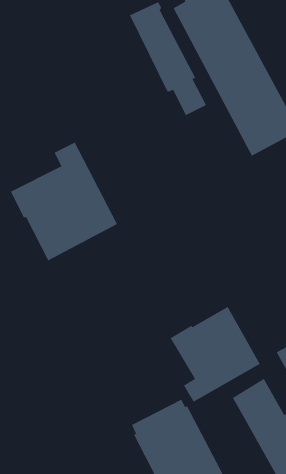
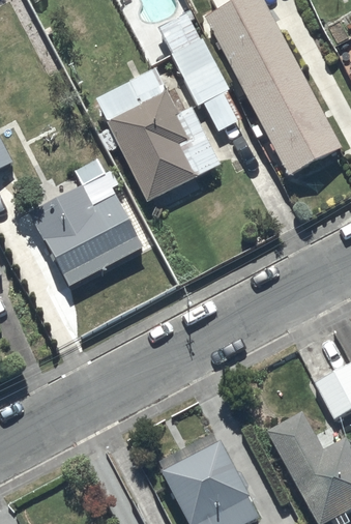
building: none -> [95,67,221,201]
building: [170,306,260,402] -> none

